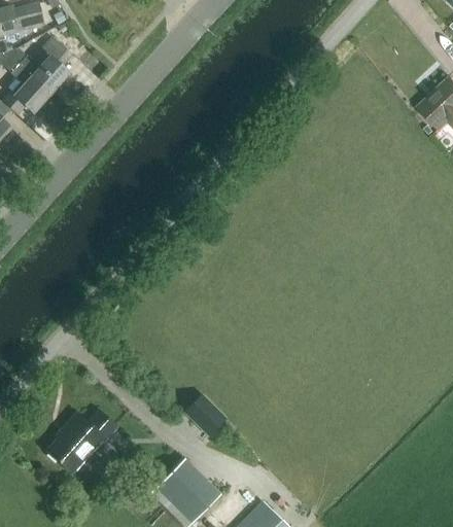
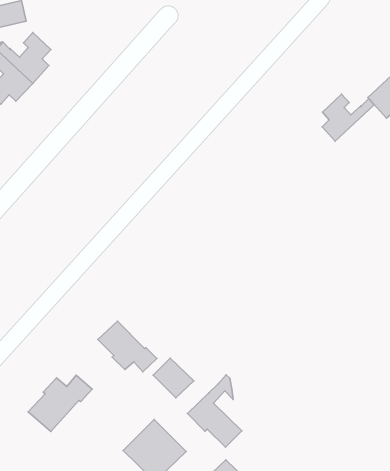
building: none -> [322,94,374,141]
building: none -> [98,321,157,372]
building: none -> [187,375,242,447]

